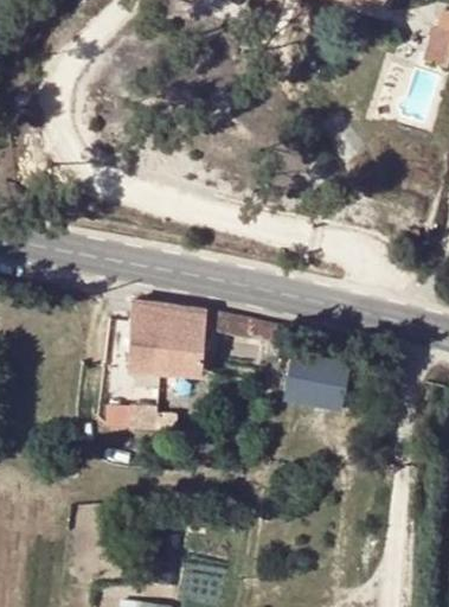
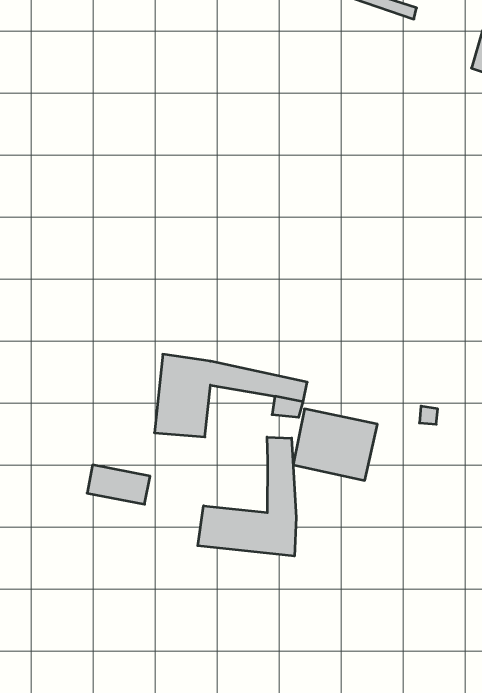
building: [130,300,166,371] -> none
building: none -> [198,437,296,556]

